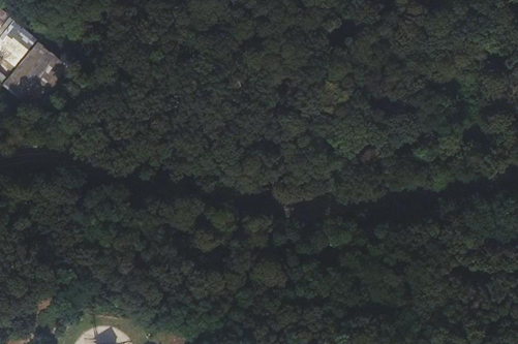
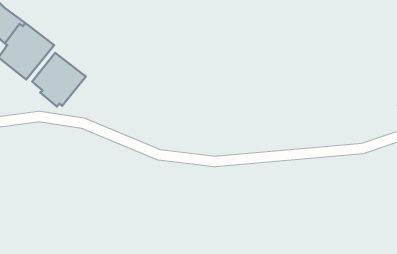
building: none -> [32,53,86,107]

